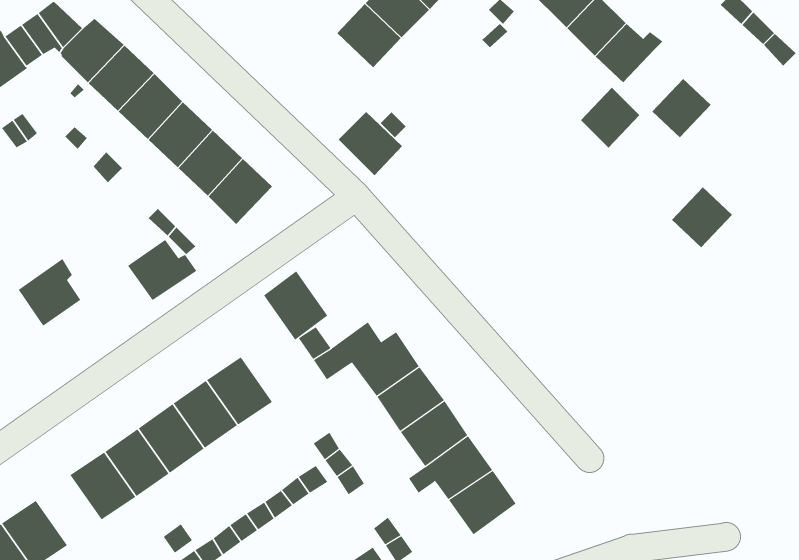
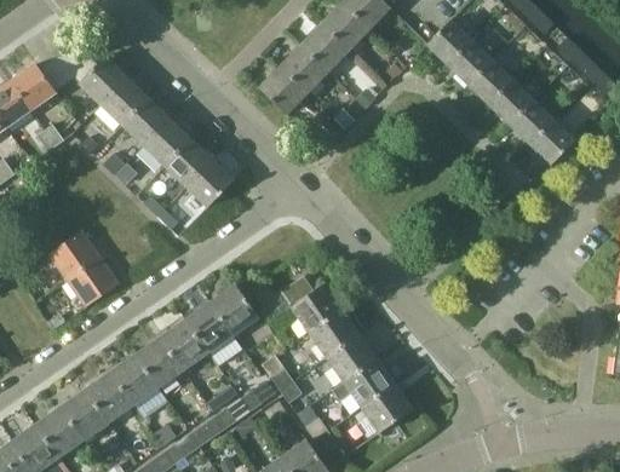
building: [580,87,640,148] -> [488,80,532,125]
building: [338,111,403,176] -> [259,68,306,115]
building: [671,186,733,248] -> [529,120,574,165]
building: [127,239,197,301] -> [67,261,117,306]
building: [263,271,328,341] -> [211,284,258,335]
building: none -> [62,388,109,439]

